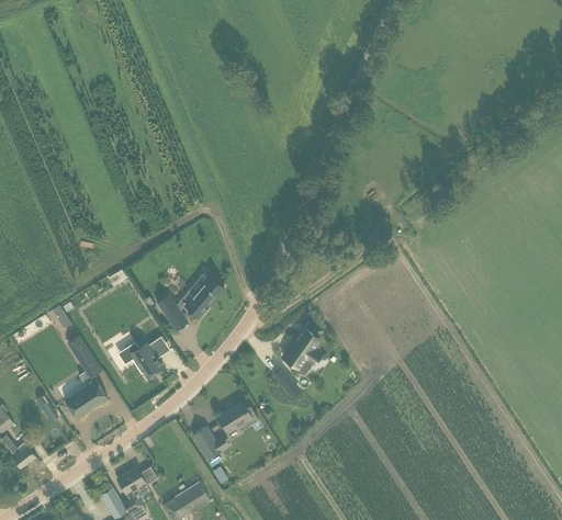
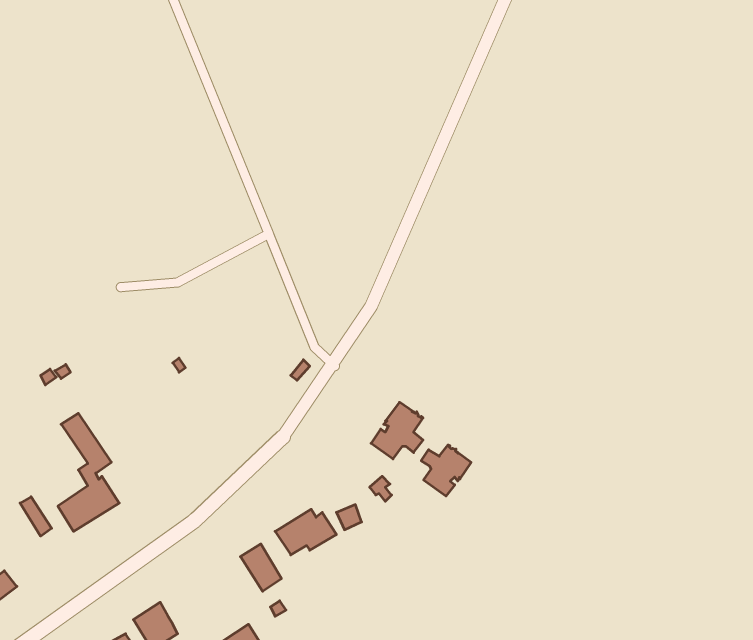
building: [157,275,224,320] -> none
building: [127,342,164,378] -> none
building: none -> [421,445,471,496]

